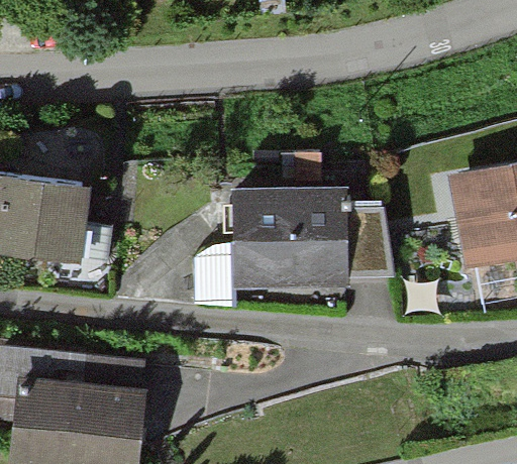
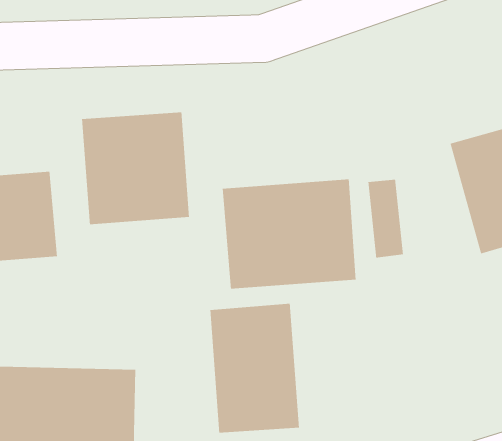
building: none -> [81,111,190,225]
building: none -> [209,303,300,433]

